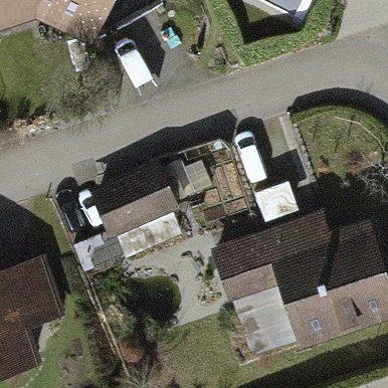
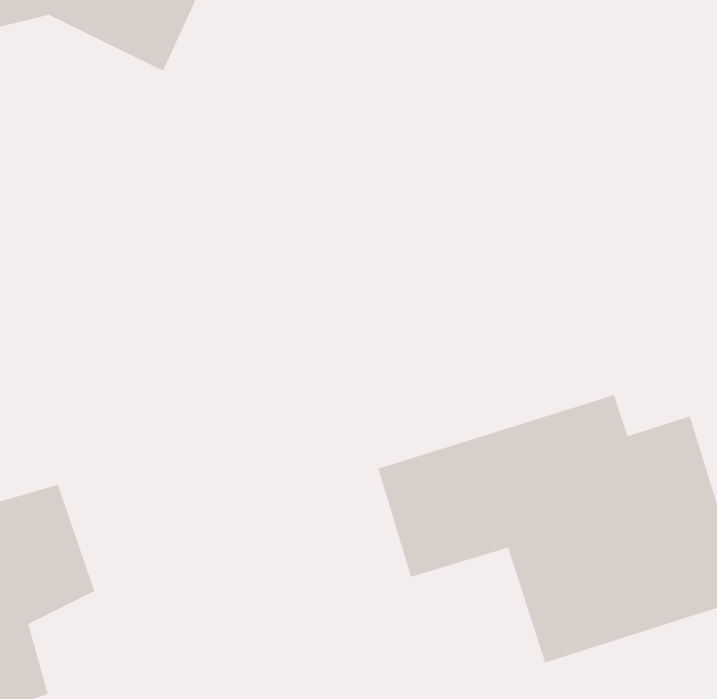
building: [78,162,193,270] -> none

